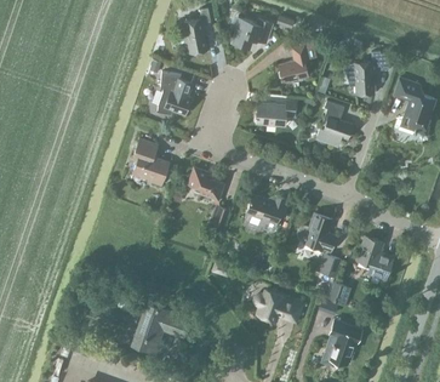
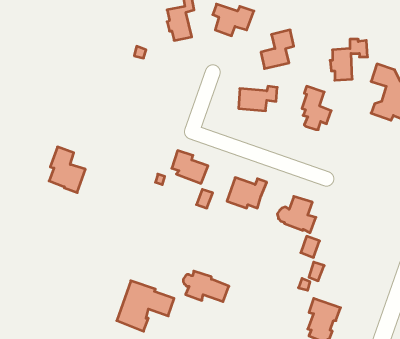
building: [156,69,193,115] -> none
building: [132,139,170,187] -> [49,147,85,193]
building: [356,236,393,280] -> none
building: [255,290,302,321] -> [183,271,229,302]

